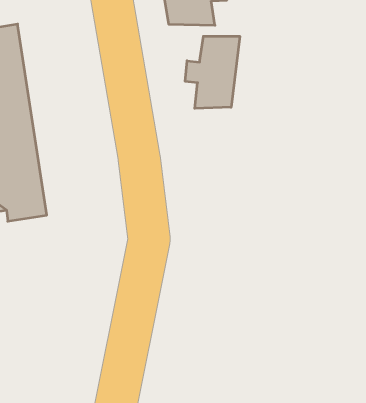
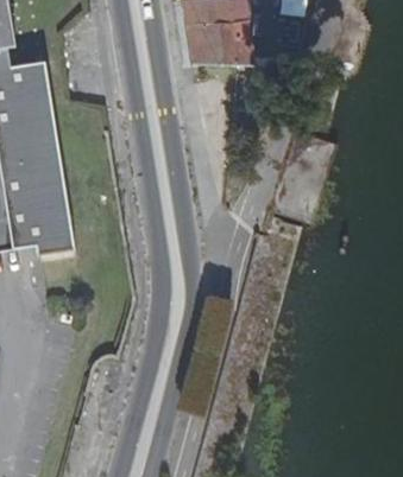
building: [185,36,240,108] -> none

